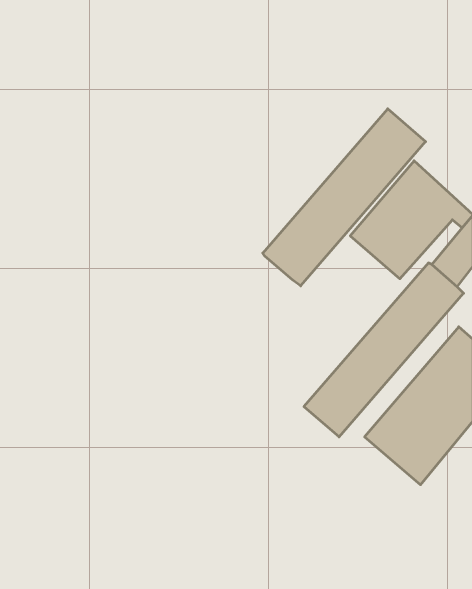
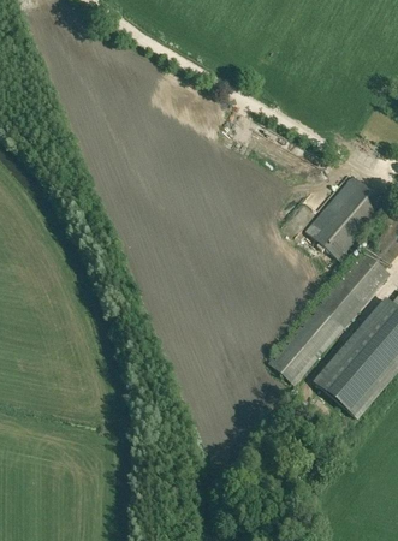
building: [263,109,426,286] -> none

